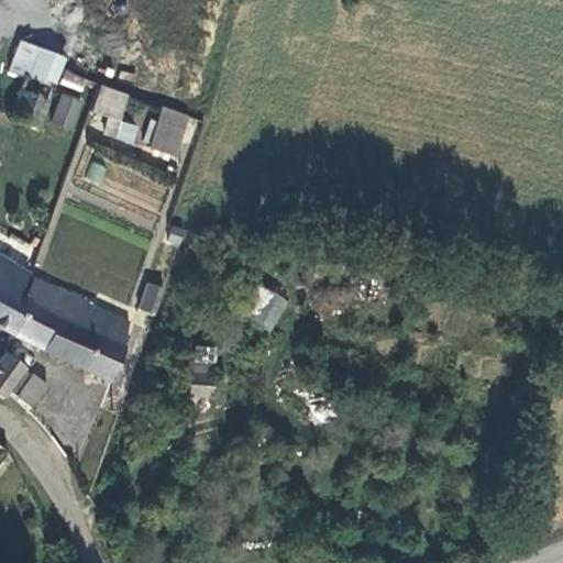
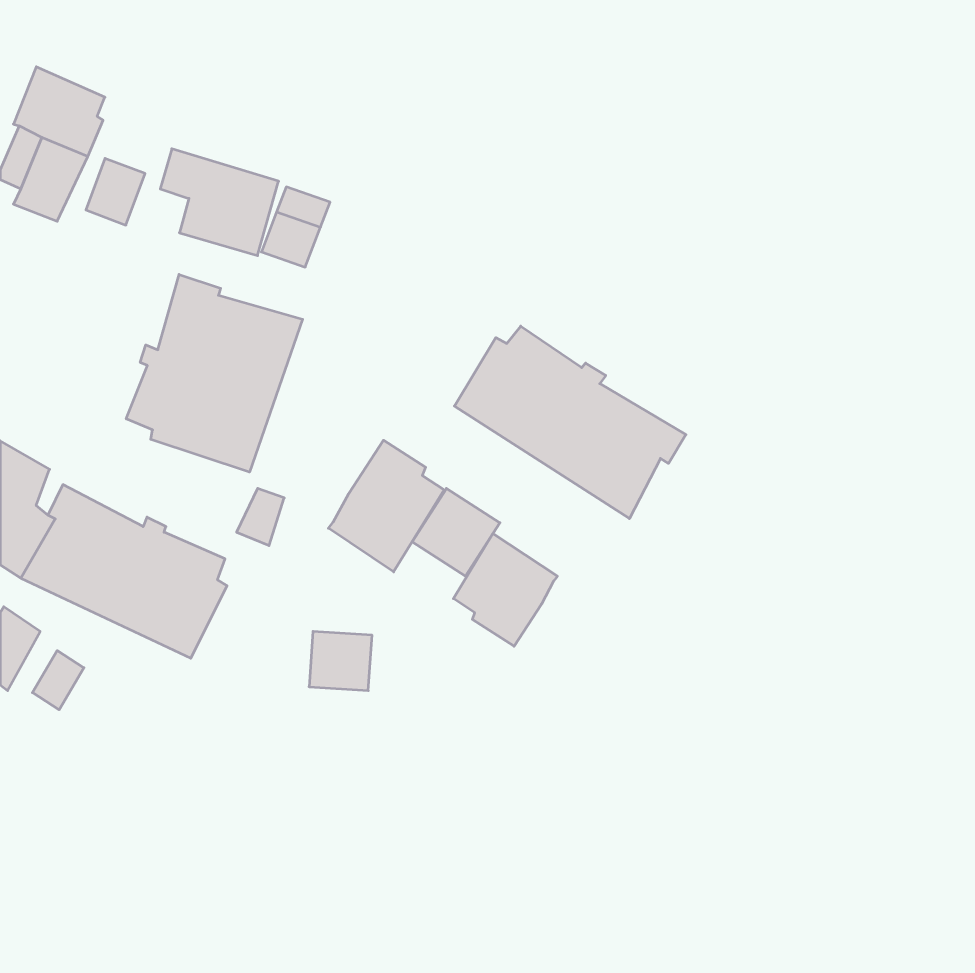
building: none -> [126,274,303,472]
building: none -> [454,326,686,519]
building: none -> [328,440,444,572]
building: none -> [453,534,557,646]

